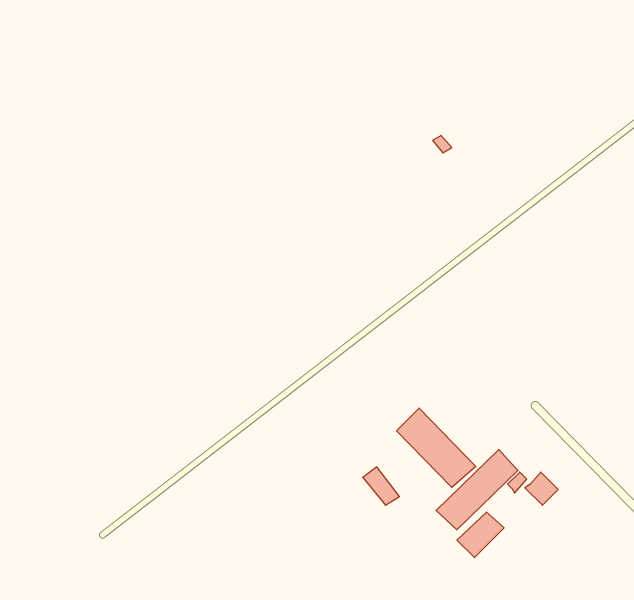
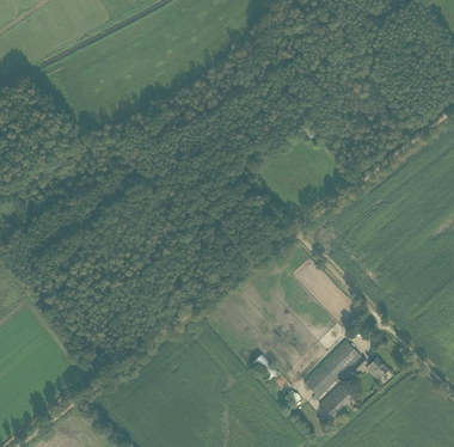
building: [397,408,476,488] -> none

